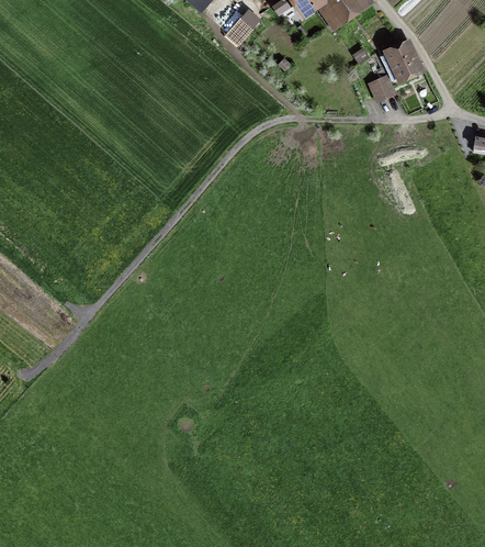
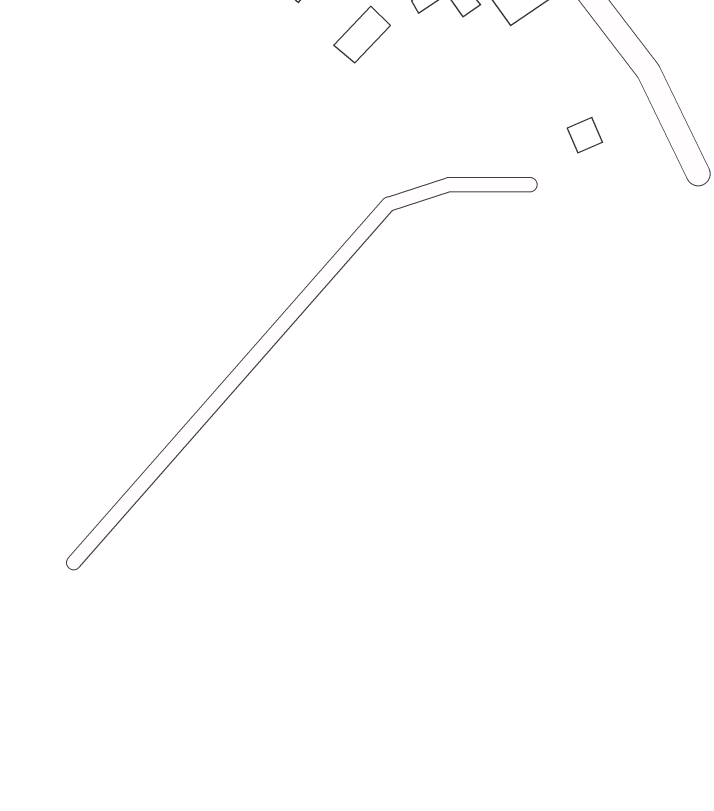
building: [388,44,420,77] -> none

